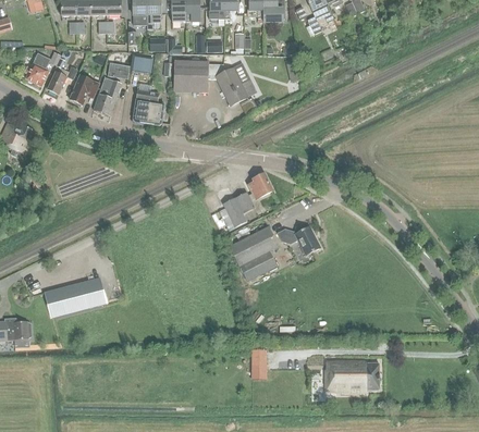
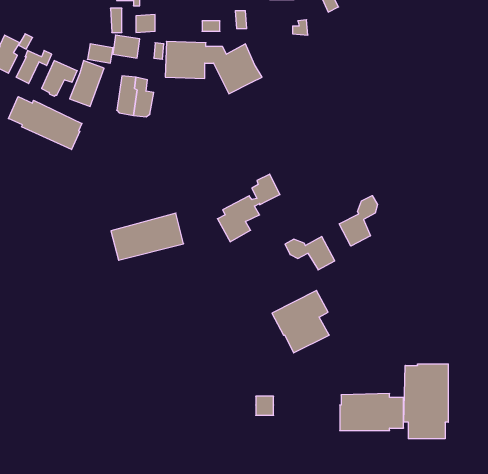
building: none -> [8,97,82,150]
building: none -> [339,196,377,246]
building: [229,226,278,280] -> [272,290,329,353]
building: [45,276,107,317] -> [111,213,184,260]
building: none -> [404,364,448,439]

